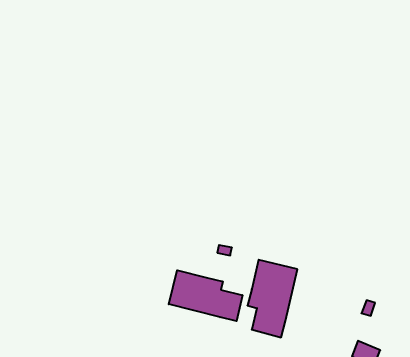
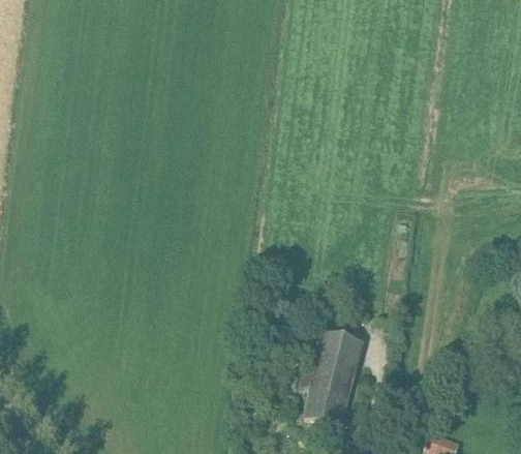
building: [169,270,242,321] -> none

